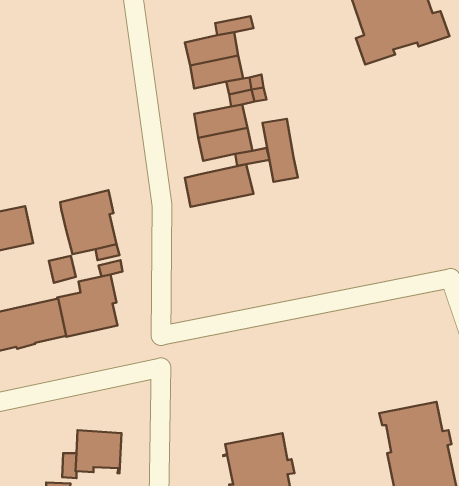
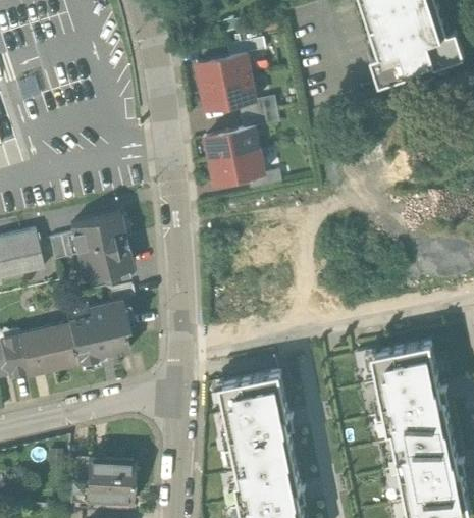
building: [263,119,298,182] -> none
building: [185,164,253,207] -> none
building: [49,256,76,283] -> [47,234,74,261]
building: none -> [372,342,450,441]
building: none -> [220,372,294,472]

